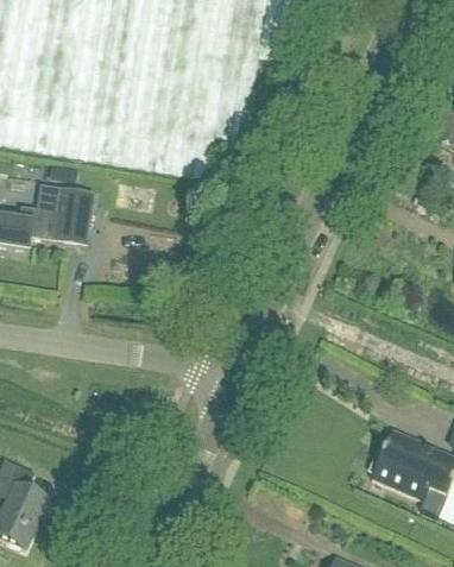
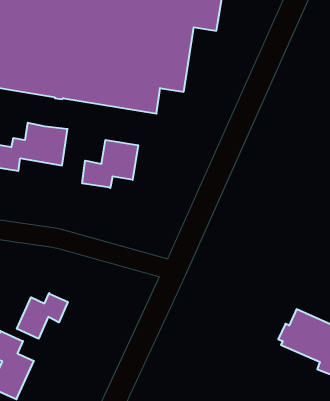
building: none -> [82,140,138,188]
building: none -> [17,293,68,339]

